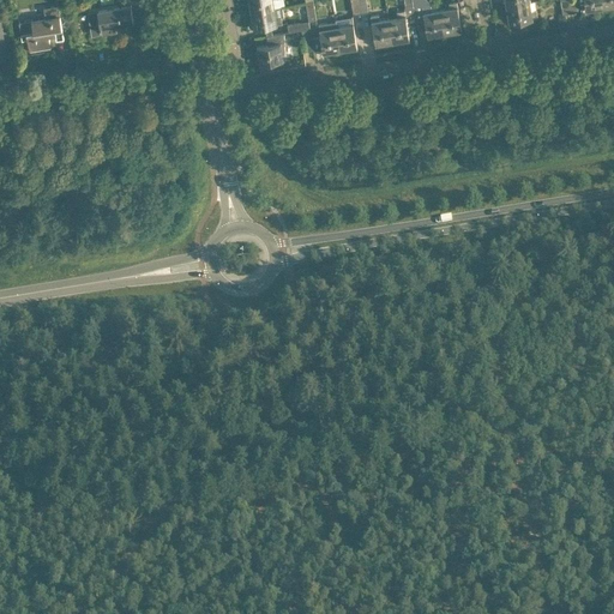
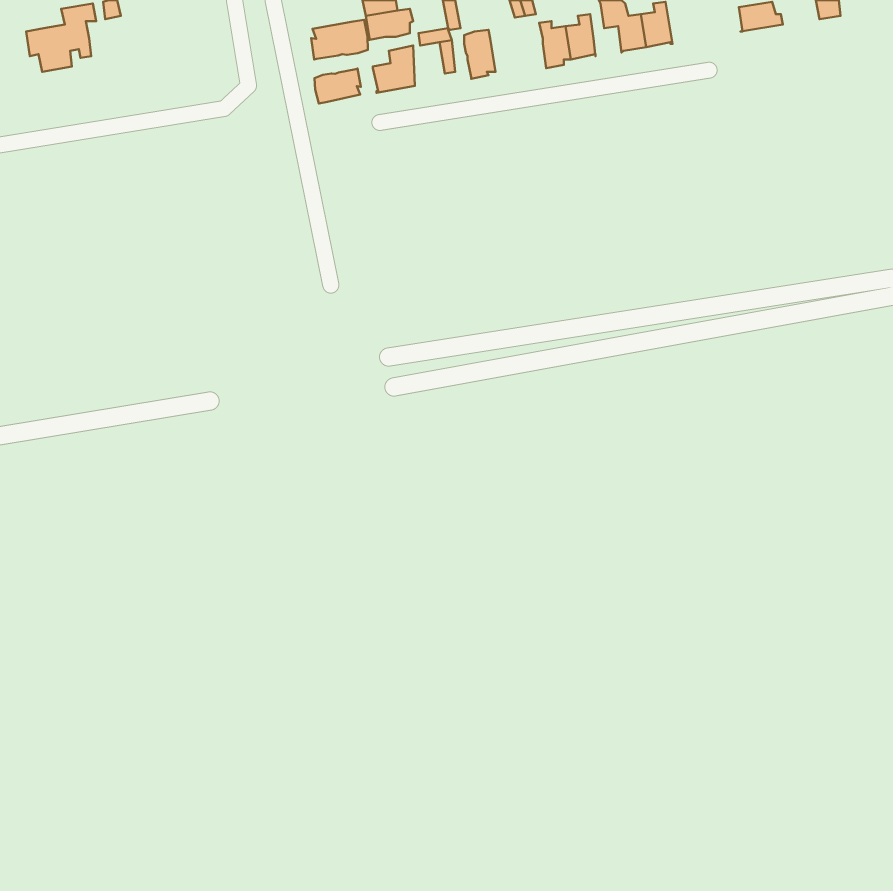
building: [89,7,132,35] -> none
building: none -> [311,20,368,59]
building: [335,18,356,52] -> none
building: none -> [315,69,361,104]

